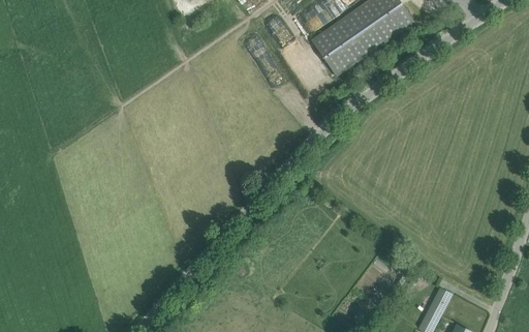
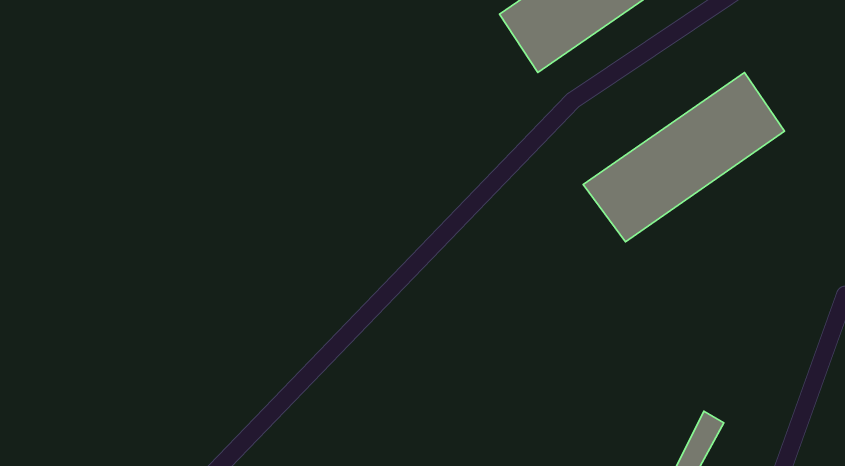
building: none -> [583,73,784,242]

